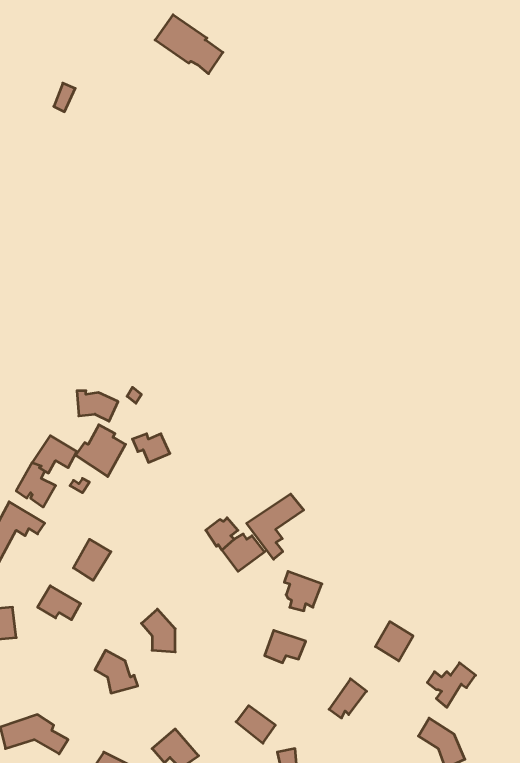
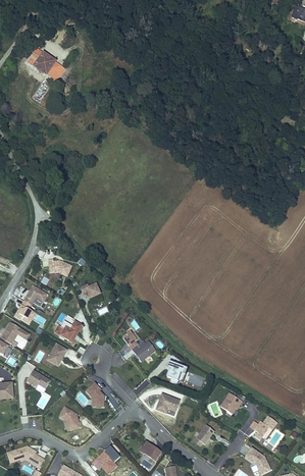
building: [155,15,223,74] -> [27,47,65,81]
building: [76,425,126,477] -> [54,314,83,343]
building: [247,494,304,559] -> none

